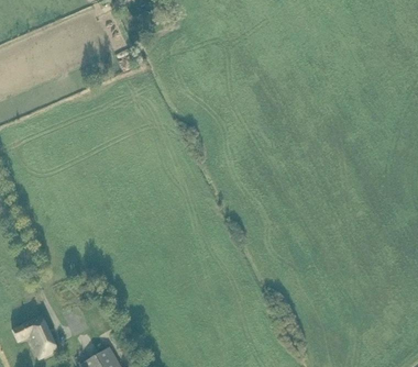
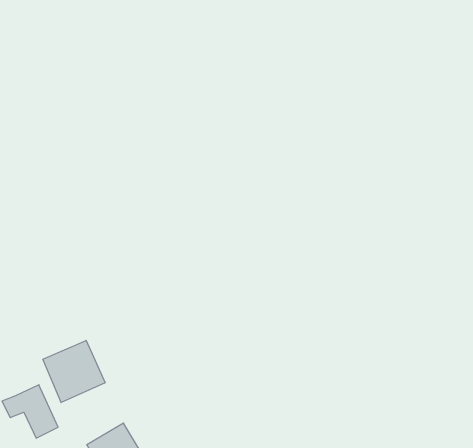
building: none -> [43,340,105,403]

